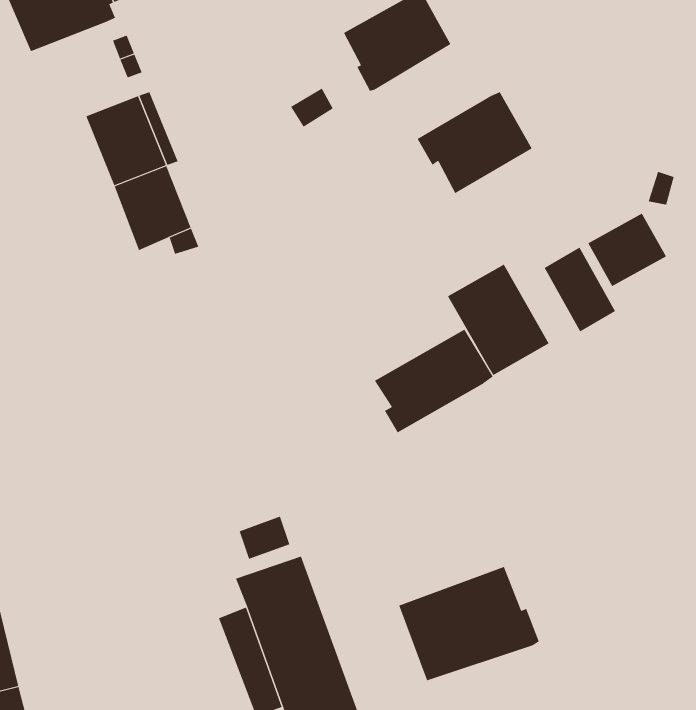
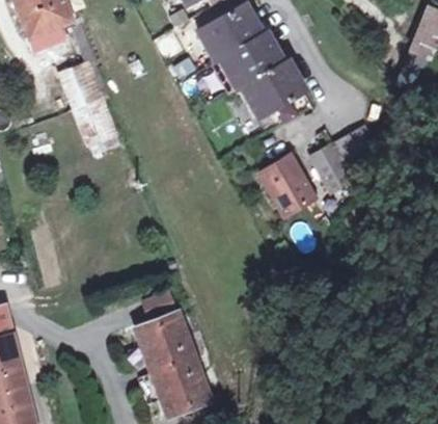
building: none -> [220,31,283,86]
building: [374,329,493,433] -> none
building: [398,566,540,681] -> none

